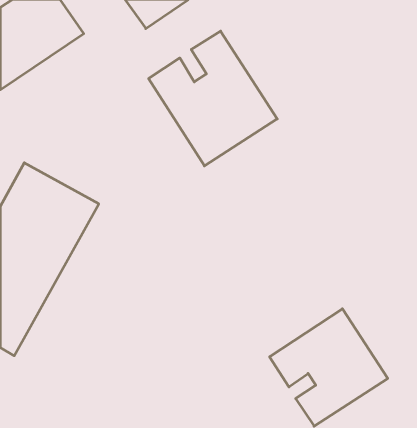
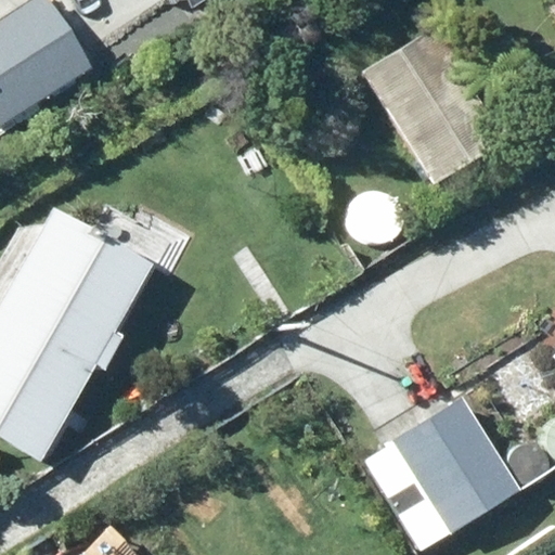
building: none -> [361,30,496,182]
building: [149,31,277,166] -> none

